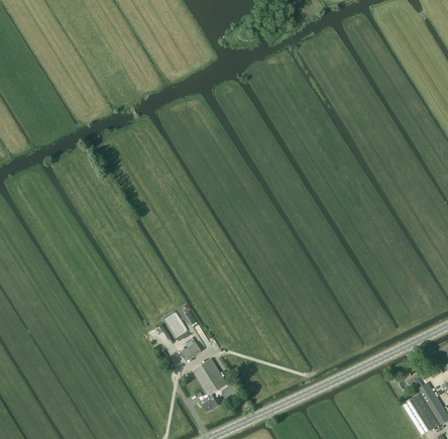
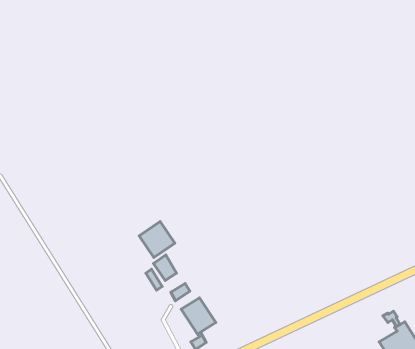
building: none -> [139,221,175,258]

